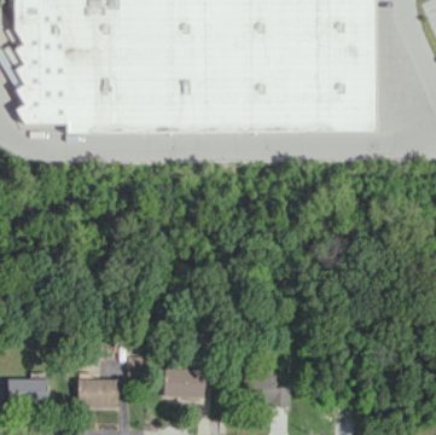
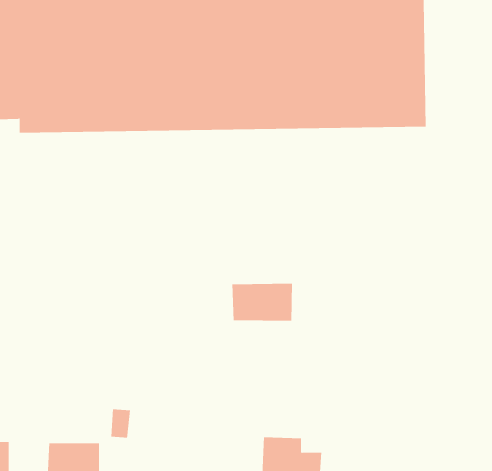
building: none -> [232,283,292,322]
building: [165,366,213,393] -> none

